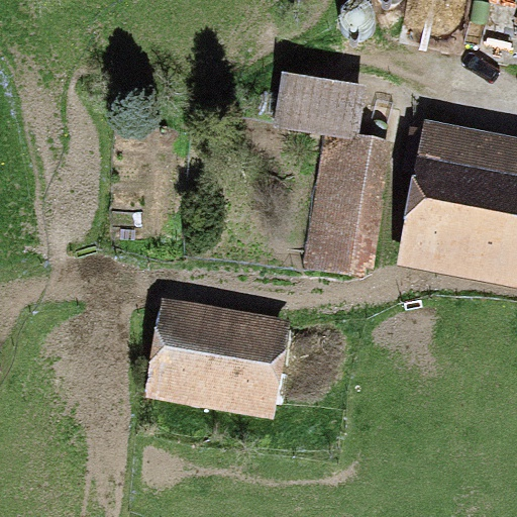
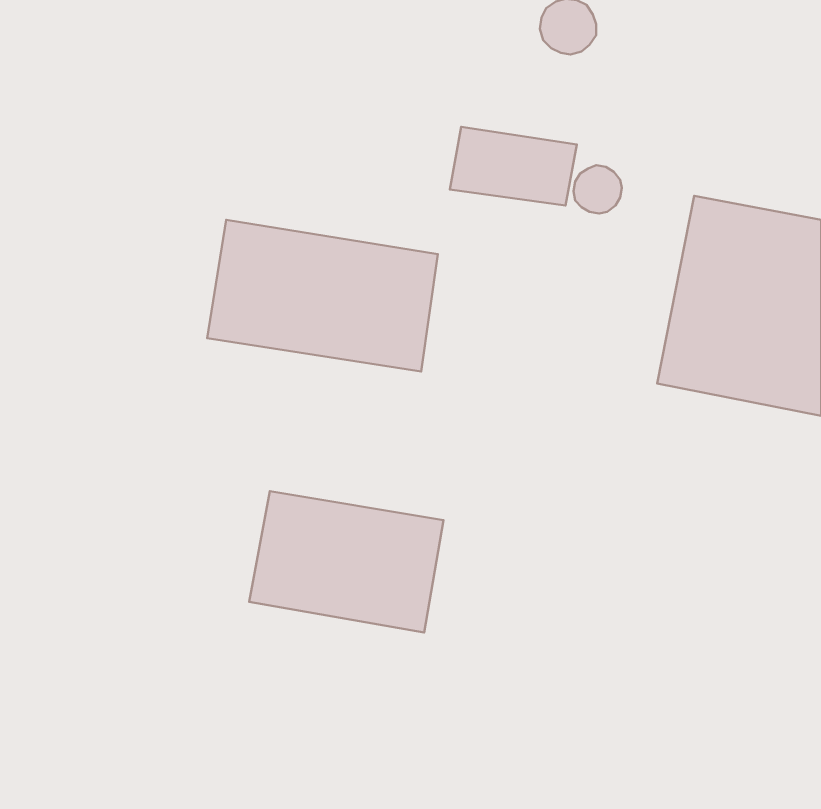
building: [312,130,376,268] -> none
building: none -> [207,220,438,372]

